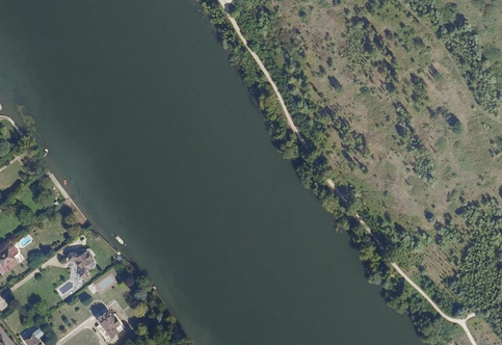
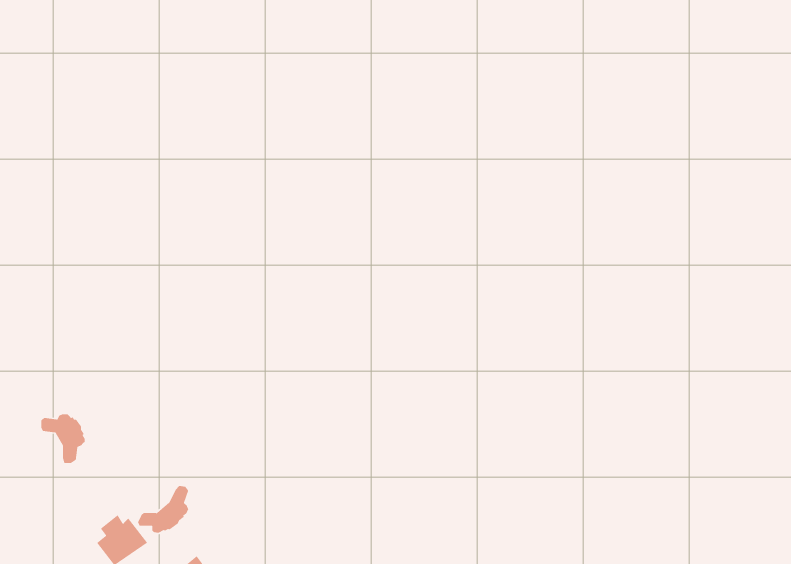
building: none -> [137,485,189,534]

